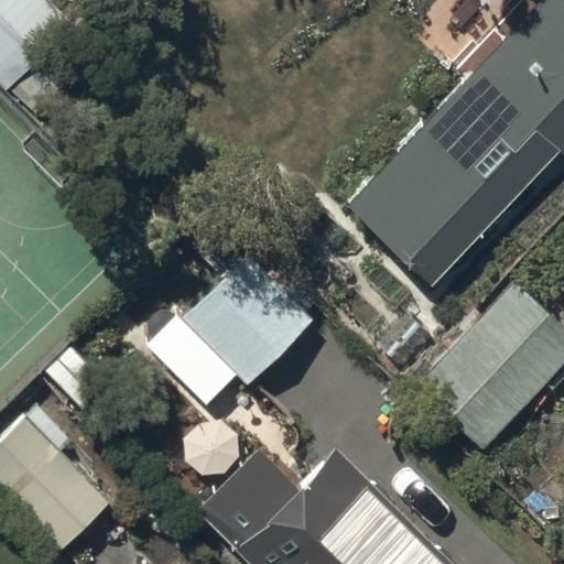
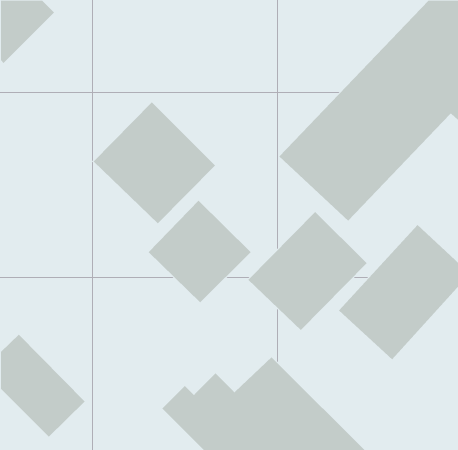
building: none -> [93,101,216,224]
building: none -> [248,211,367,331]

